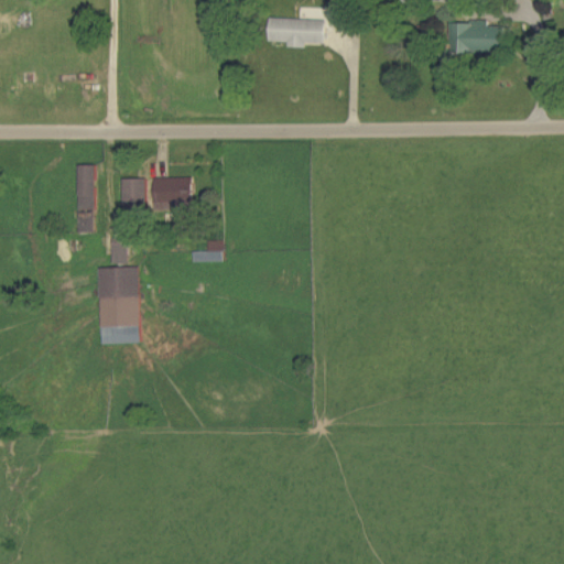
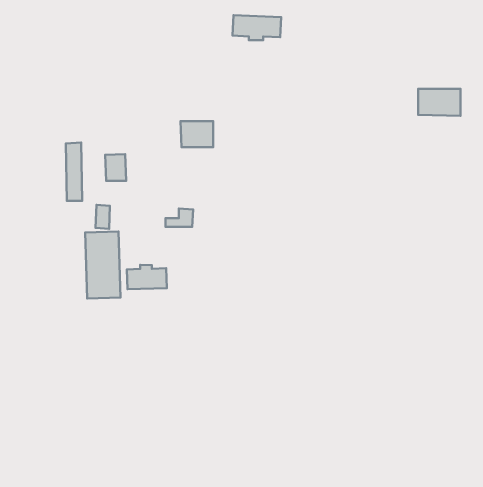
building: [448,22,497,53] -> [418,89,460,116]
building: [153,177,191,207] -> [181,121,213,147]
building: none -> [127,265,167,289]

